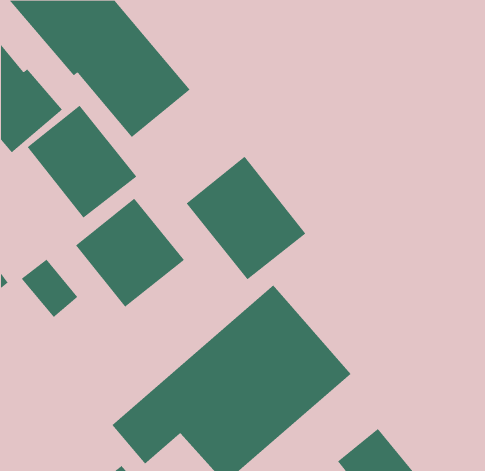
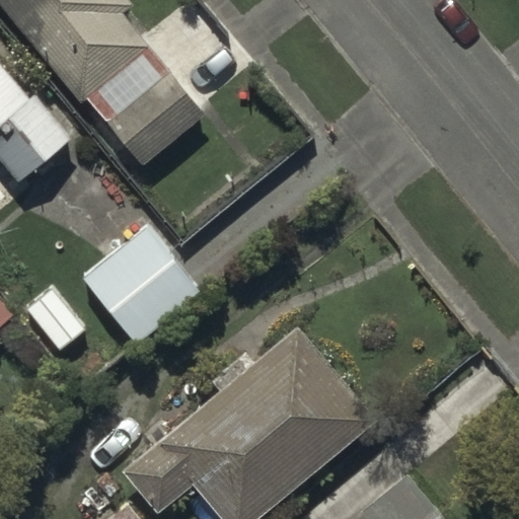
building: [27,105,137,218] -> none
building: [186,156,306,280] -> none

